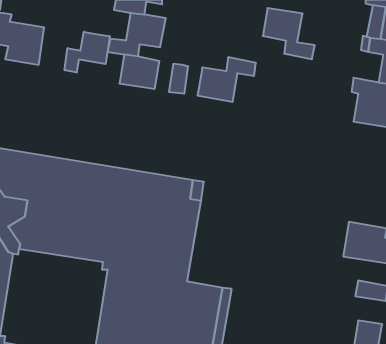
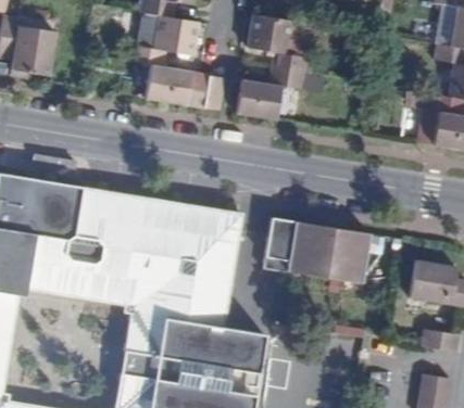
building: [263,8,315,59] -> [246,14,306,74]
building: [65,32,110,73] -> none
building: none -> [265,217,369,283]

